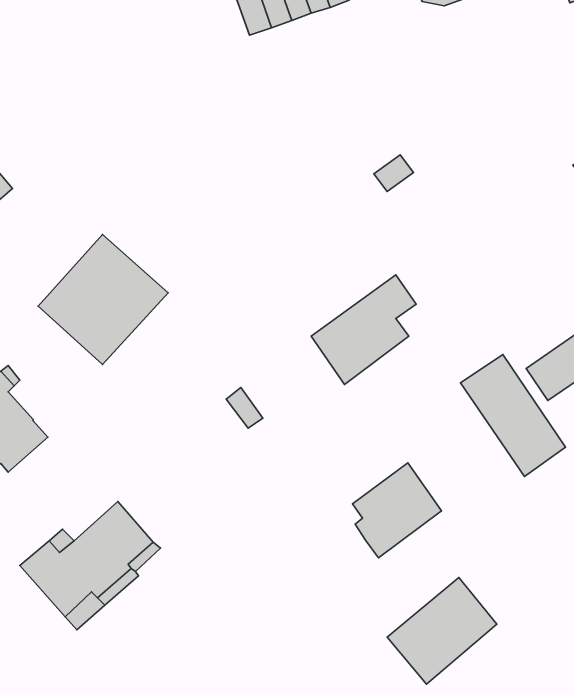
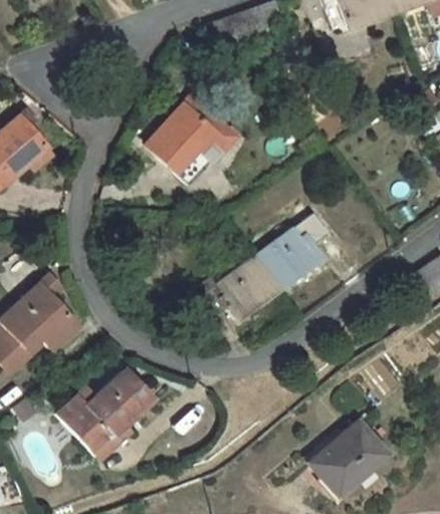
building: [38,234,168,365] -> [147,93,236,183]
building: [460,354,565,477] -> none
building: [352,463,442,558] -> [219,254,280,319]

